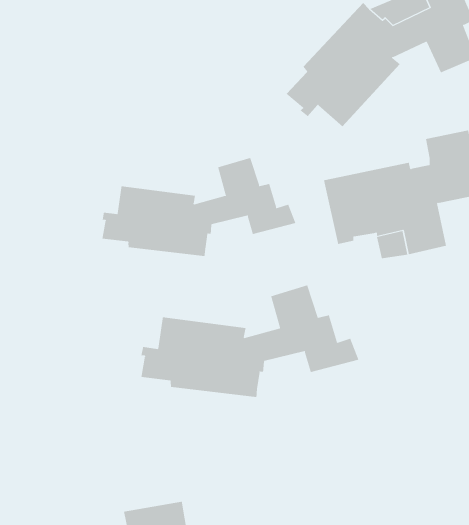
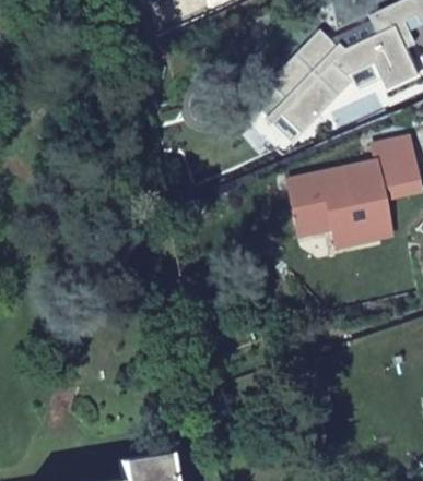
building: [102,157,296,257] -> none
building: [141,285,359,398] -> none

